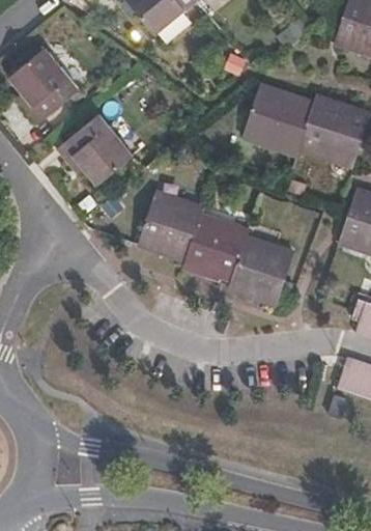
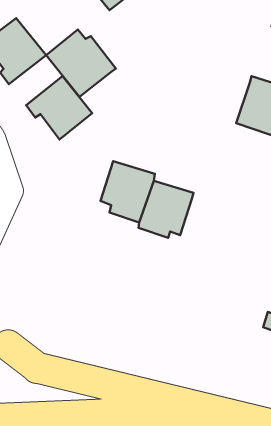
building: none -> [46,29,116,97]
building: [242,92,314,160] -> none
building: [232,239,294,308] -> none

